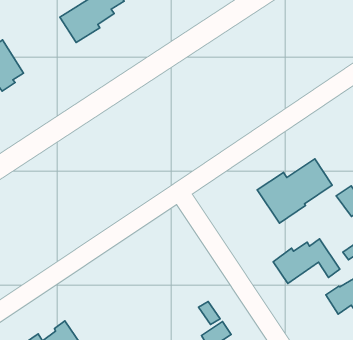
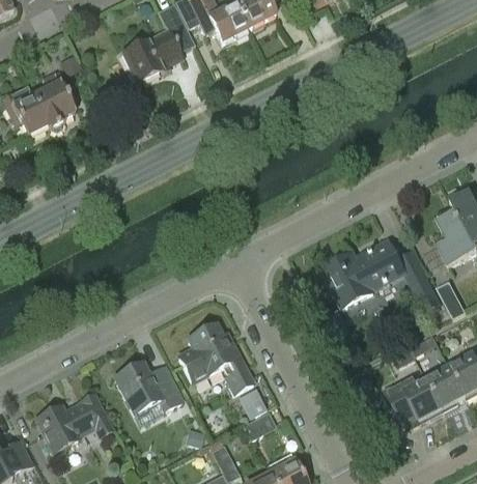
building: [273,239,340,284] -> none
building: none -> [175,322,252,391]
building: none -> [114,361,181,411]

